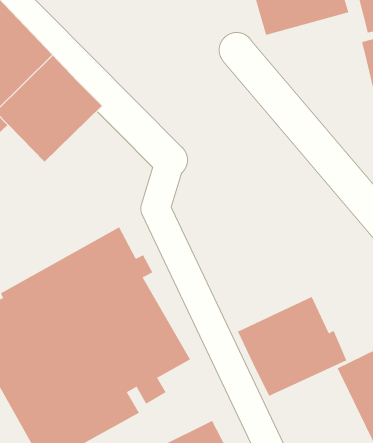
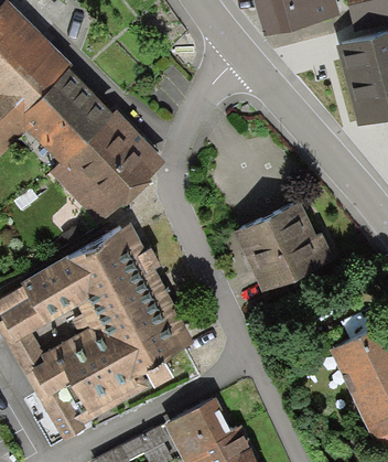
building: none -> [51,108,164,228]
building: [237,296,347,397] -> [234,200,334,291]

